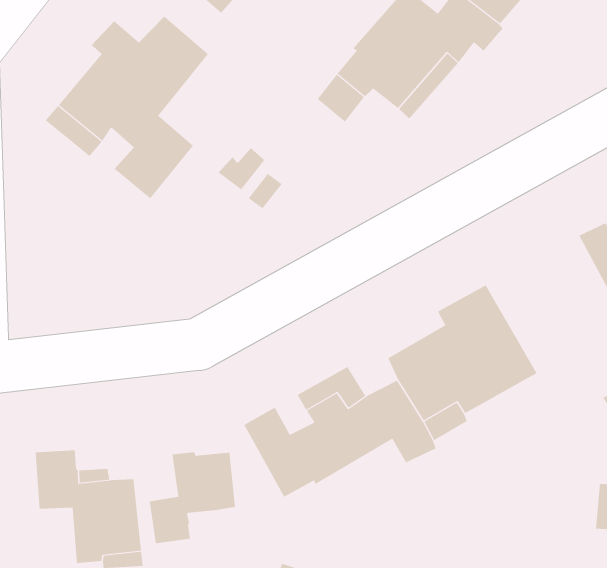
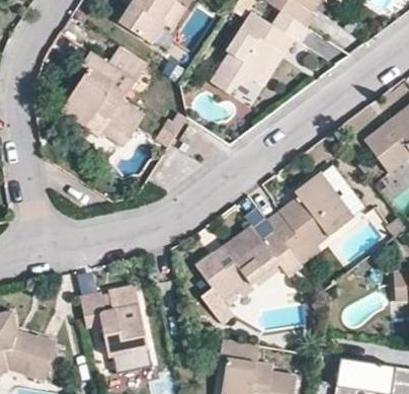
building: [149,451,236,544] -> none

